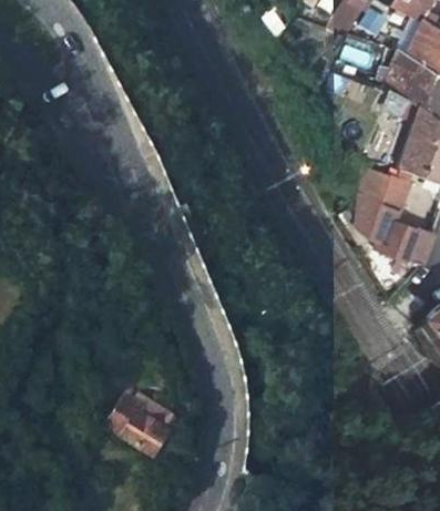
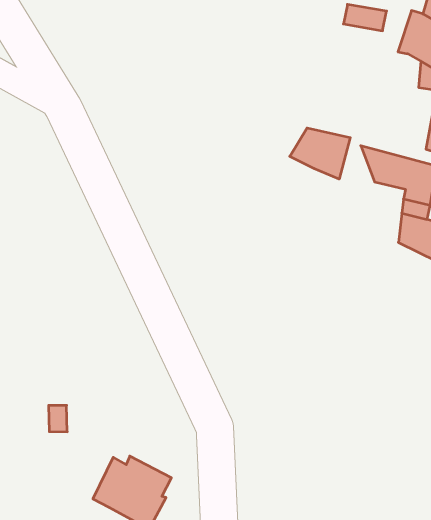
building: none -> [290,128,350,179]

